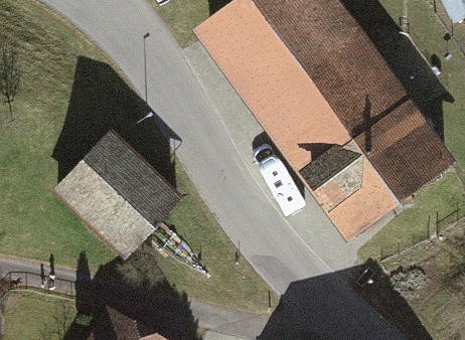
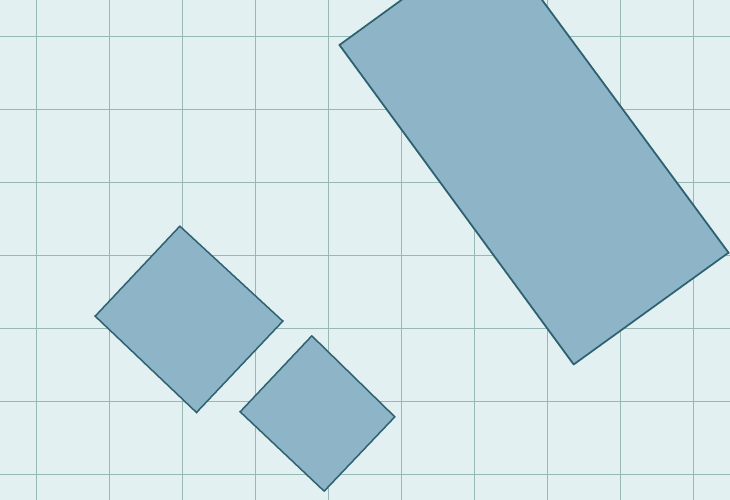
building: none -> [240,336,395,491]

